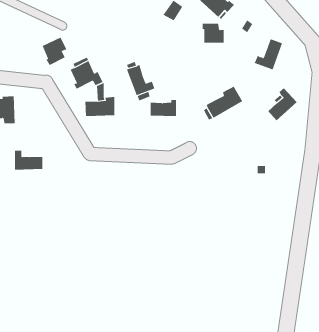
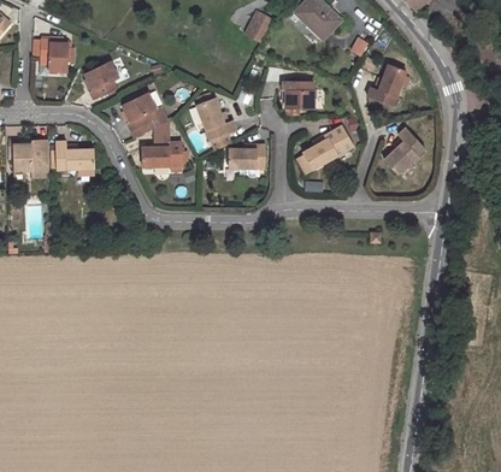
building: none -> [40,39,69,71]
building: [202,23,224,43] -> [283,82,313,108]
building: [14,150,43,170] -> [55,142,94,169]

